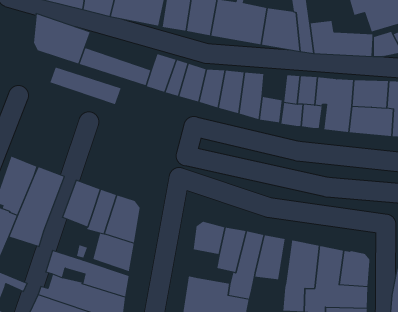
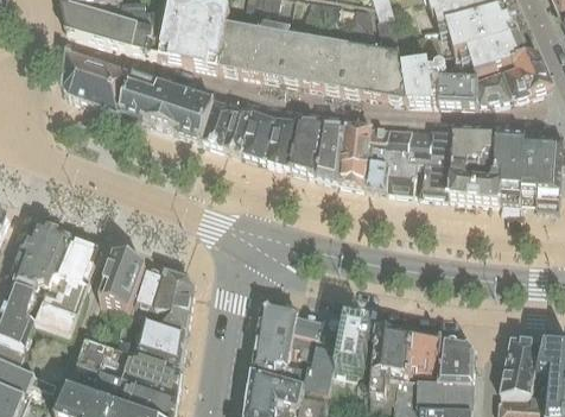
building: [49,67,121,105] -> [126,72,214,119]
building: none -> [342,124,372,157]
building: none -> [253,337,306,379]

